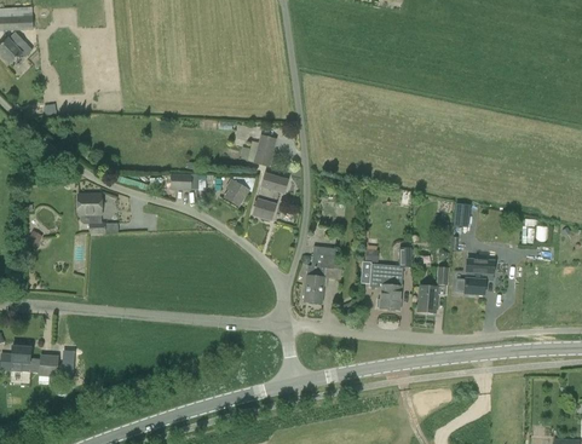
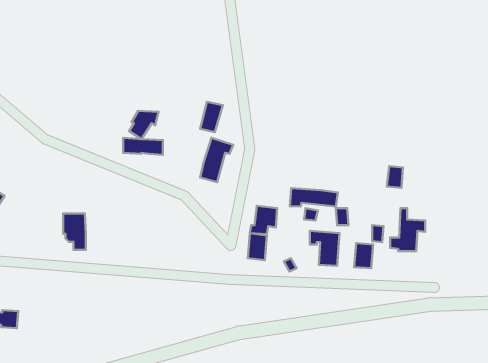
building: [224,177,255,207] -> [129,111,159,139]
building: [77,194,102,232] -> [63,213,86,250]
building: none -> [290,188,338,207]

